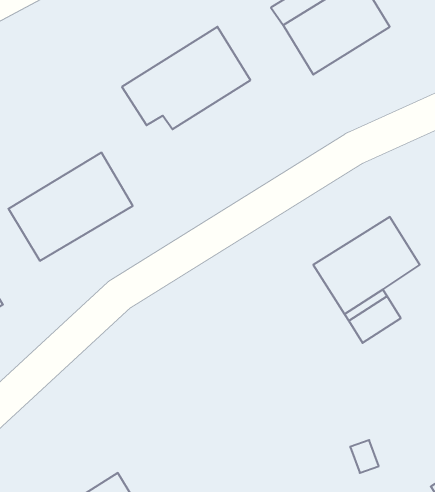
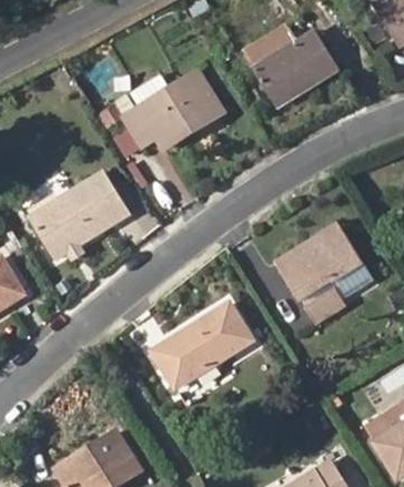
building: none -> [152,302,254,390]

